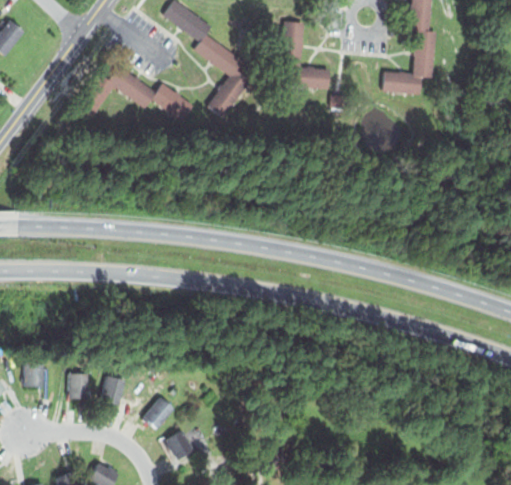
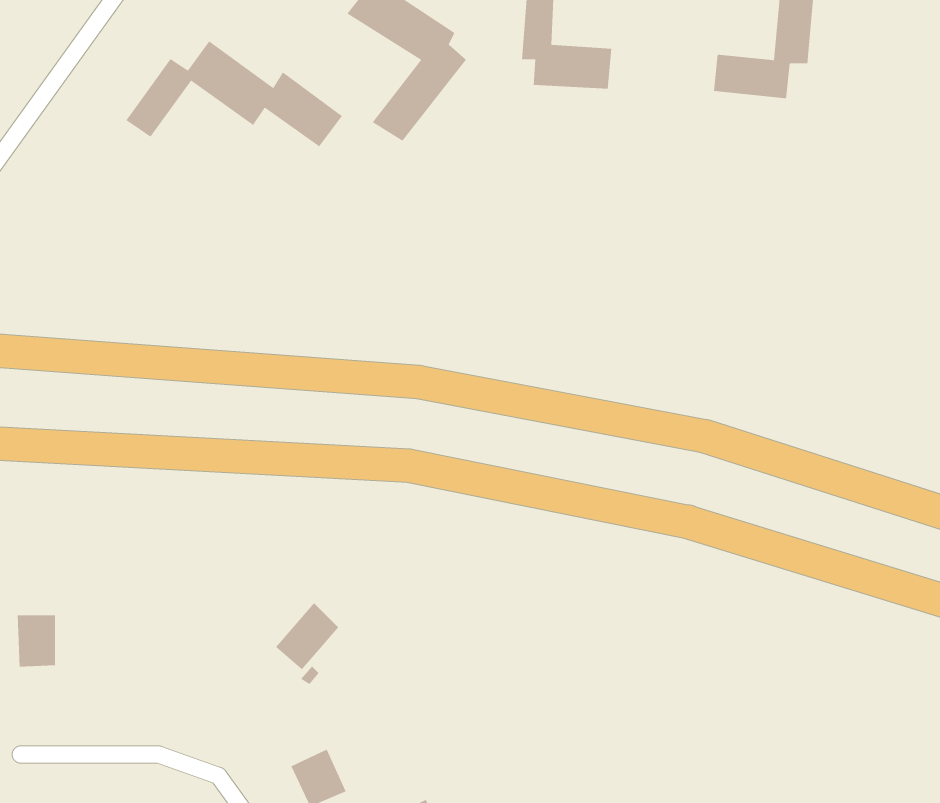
building: [68,374,87,399] -> none
building: [99,377,128,407] -> none
building: [141,396,174,431] -> [275,602,339,670]

